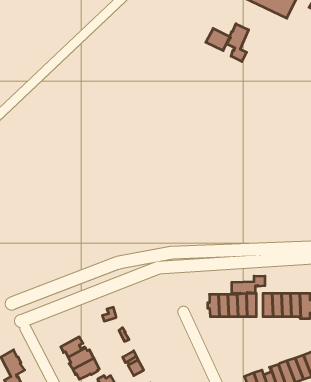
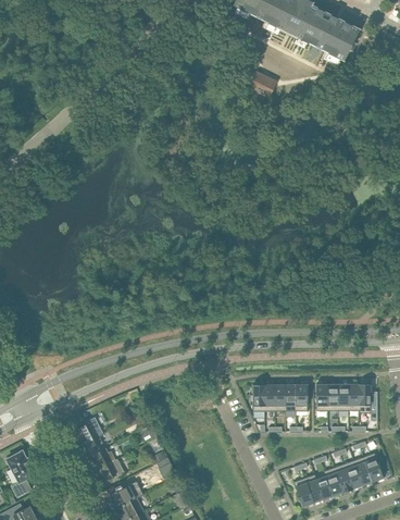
building: [227,24,249,62] -> none
building: [232,276,265,294] -> none
building: none -> [73,417,103,446]

